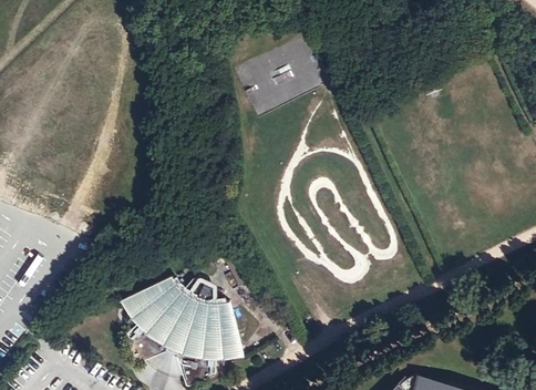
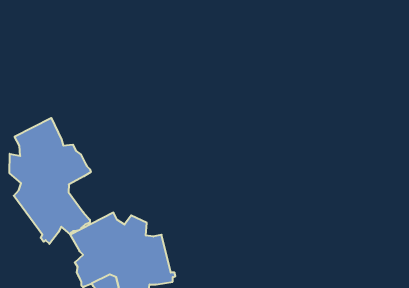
building: none -> [10,118,91,244]

